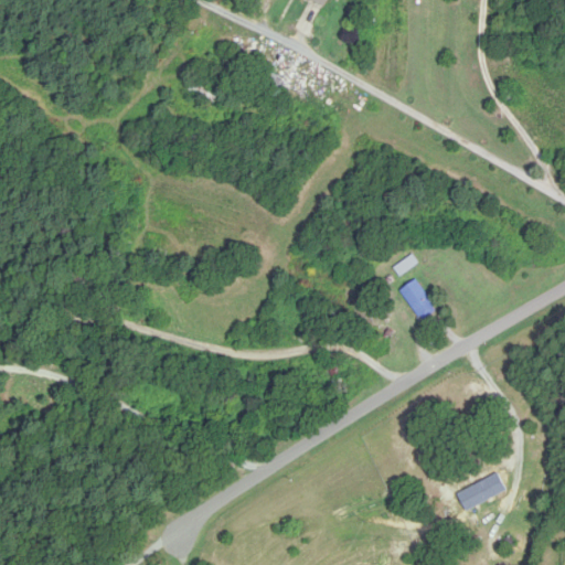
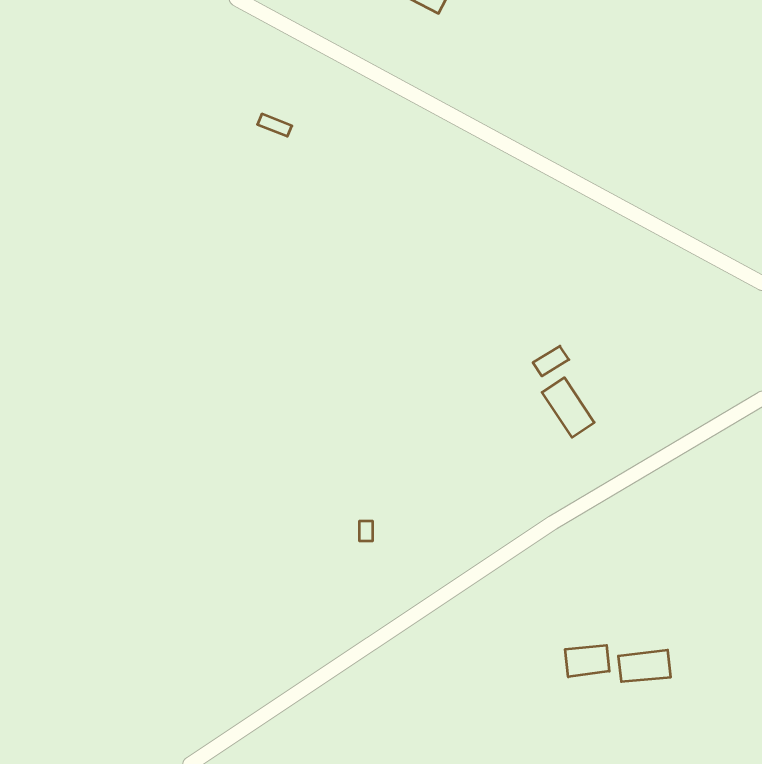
building: none -> [565,645,609,677]

